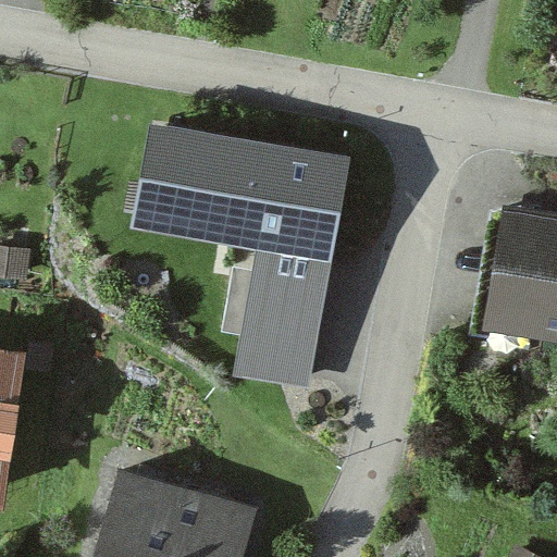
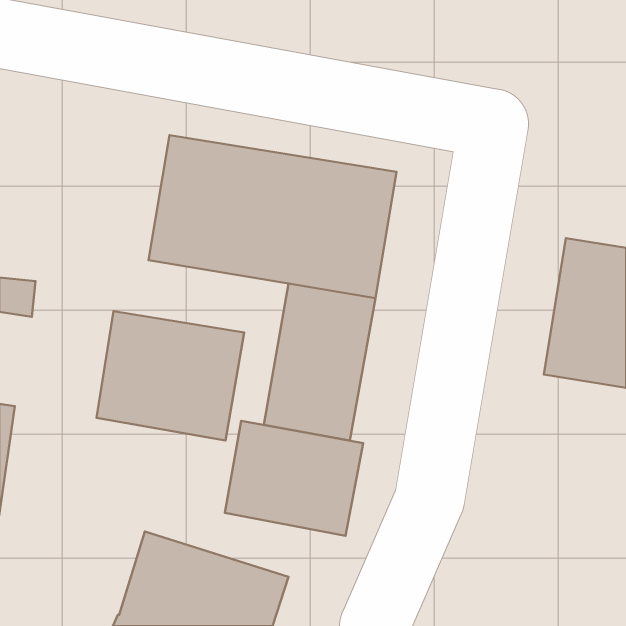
building: none -> [96,311,244,440]
building: none -> [225,421,363,536]

